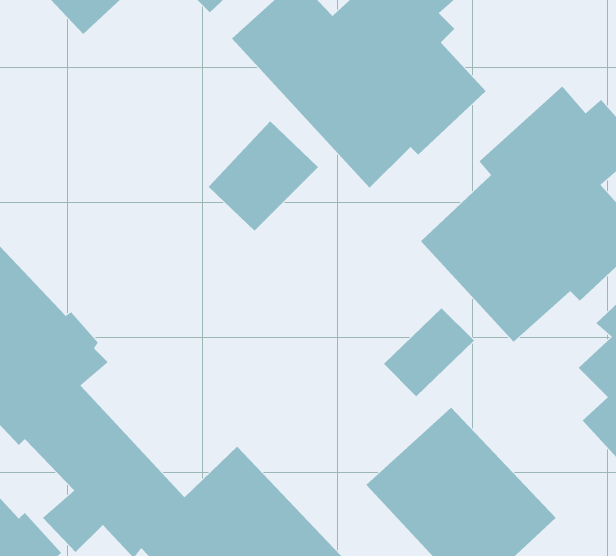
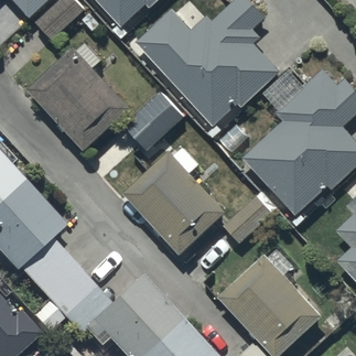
building: none -> [28,42,131,153]
building: none -> [121,148,228,258]

